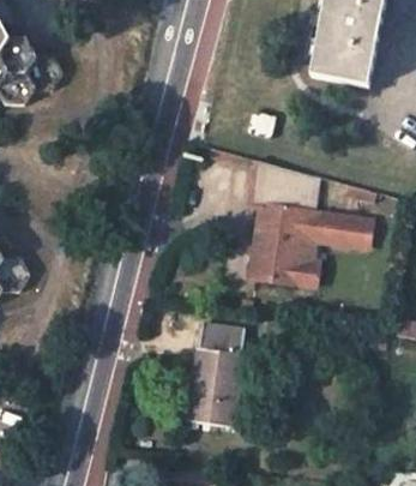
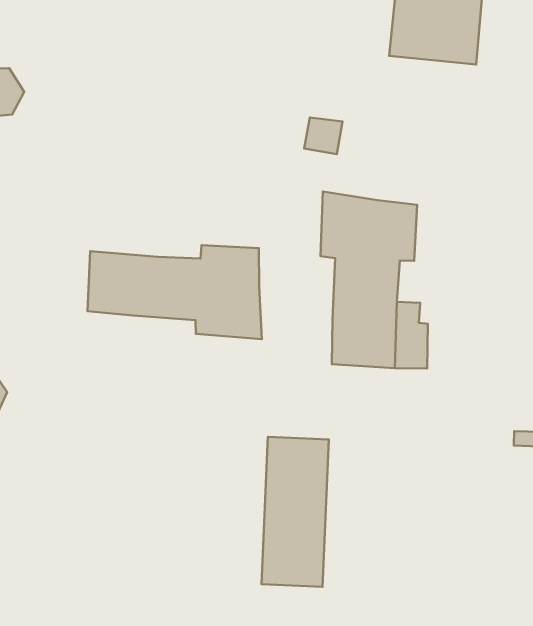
building: none -> [87,245,262,339]
building: [297,211,369,250] -> none

